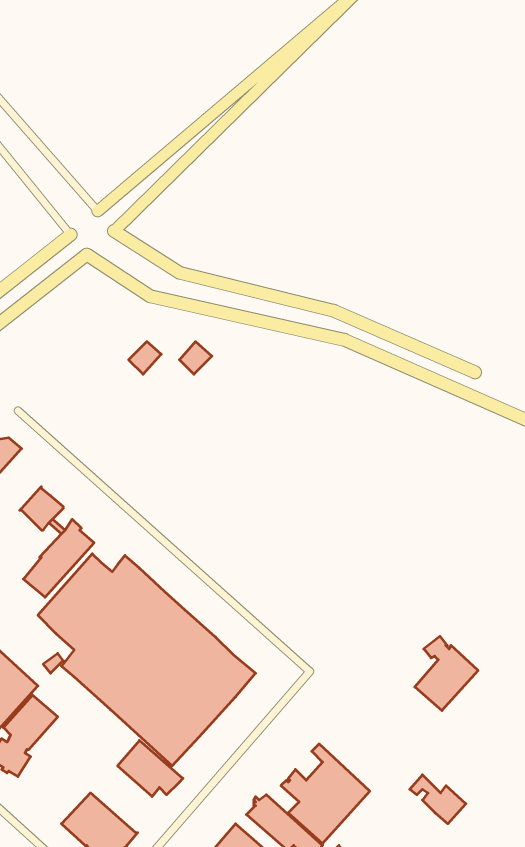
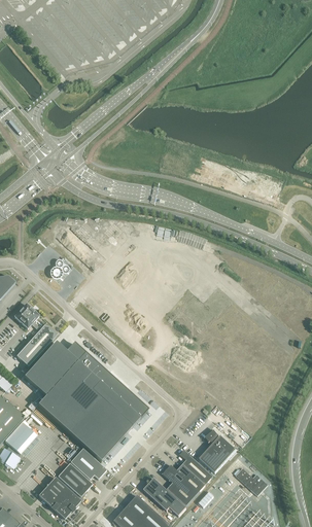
building: [415,636,478,711] -> [199,429,235,471]
building: none -> [57,462,92,496]

